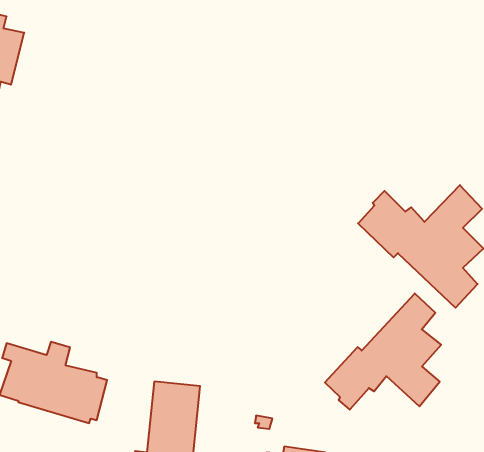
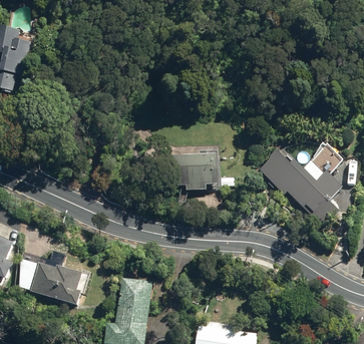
building: none -> [165,156,211,196]
building: [325,293,441,410] -> none

